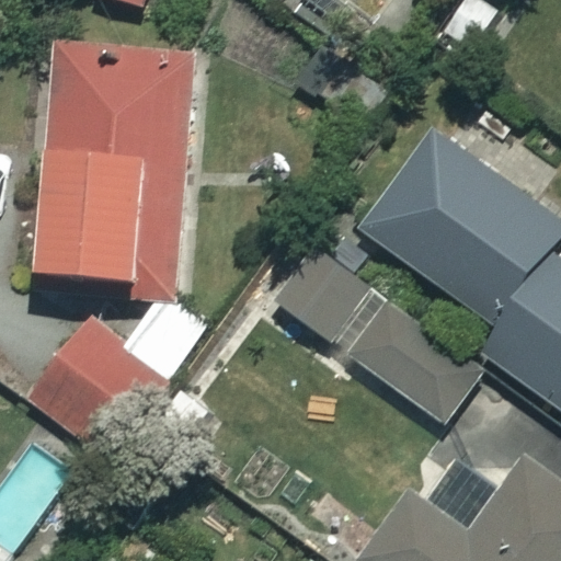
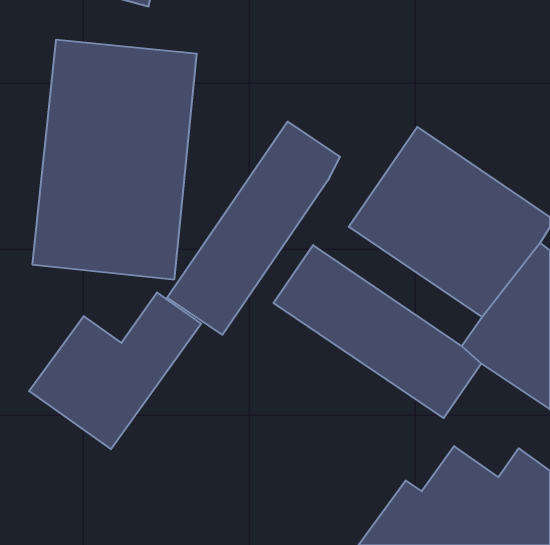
building: none -> [167,122,340,335]

